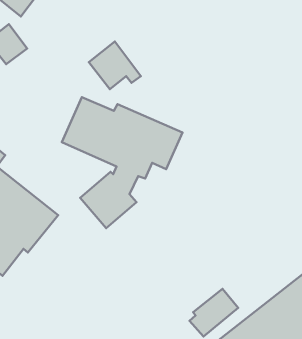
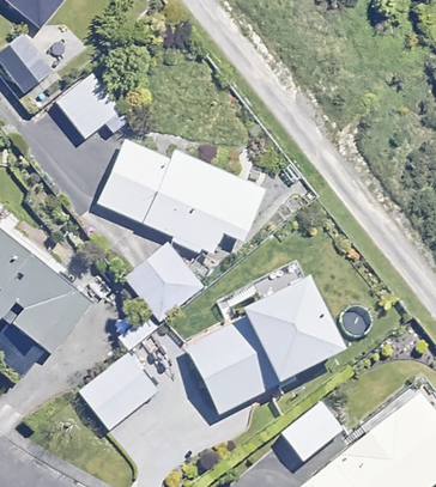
building: [89,41,141,89] -> [56,73,128,139]
building: none -> [187,266,344,415]
building: none -> [78,352,158,431]

